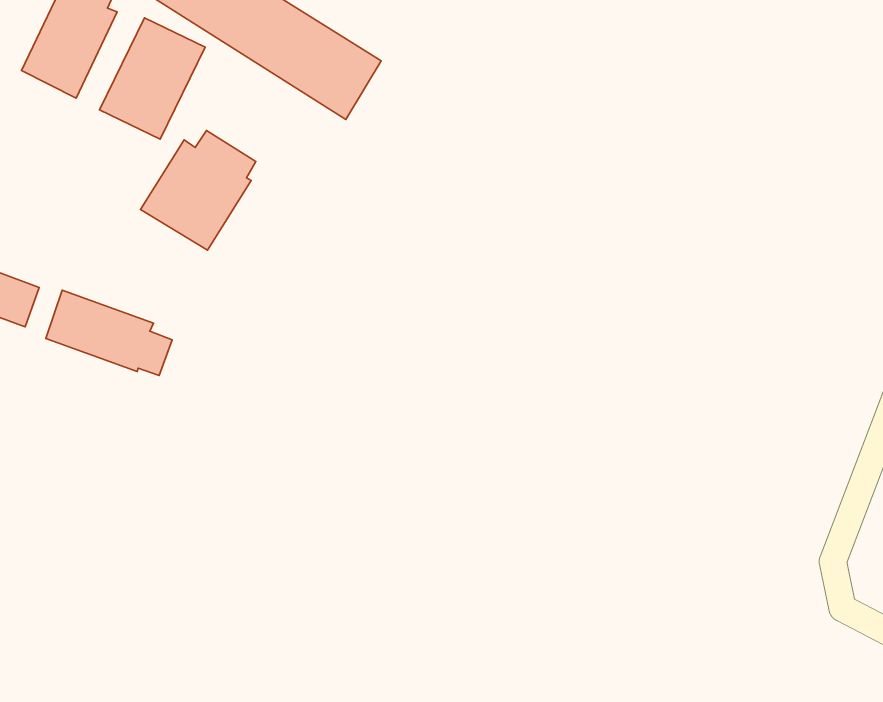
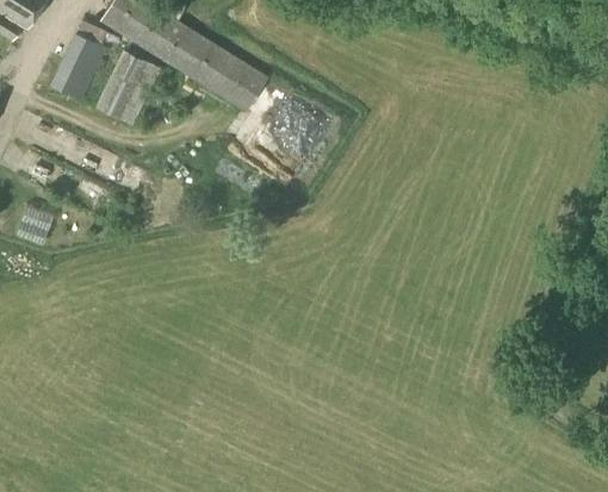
building: [141,131,256,250] -> none
building: [46,290,172,375] -> none

